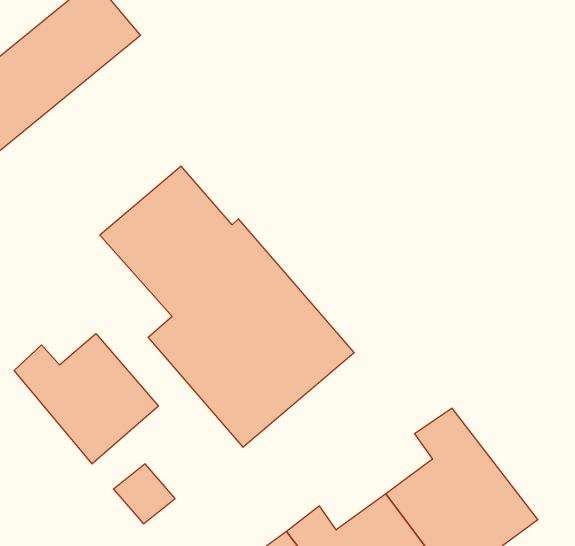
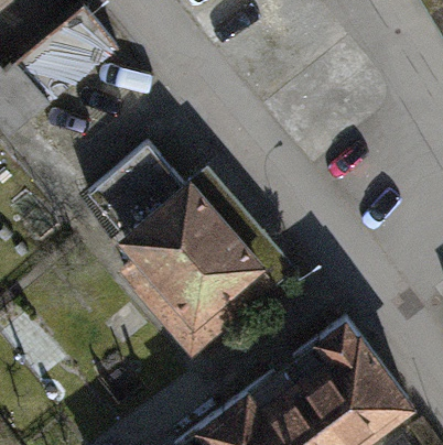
building: [14,334,158,464] -> none

